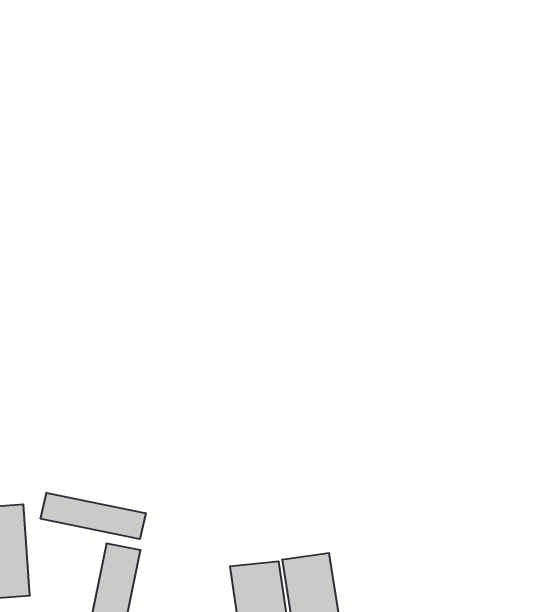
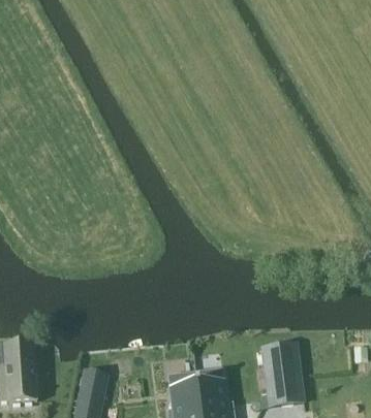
building: [41,493,146,539] -> none
building: none -> [262,351,302,401]

